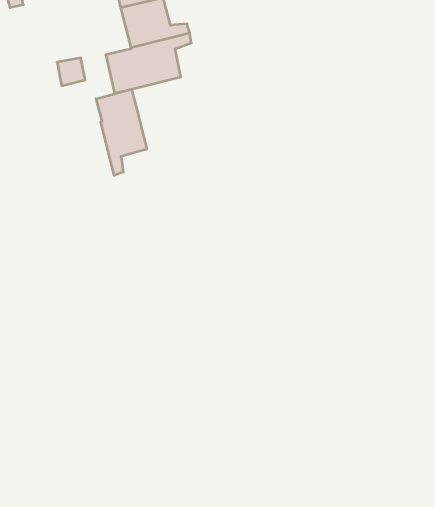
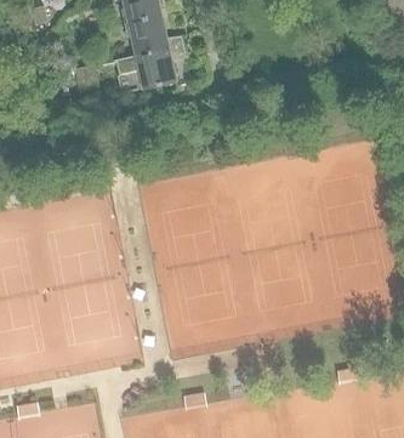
building: [96,89,147,175] -> none

